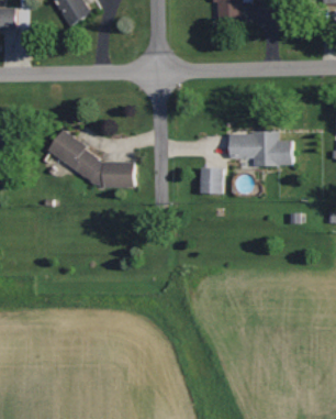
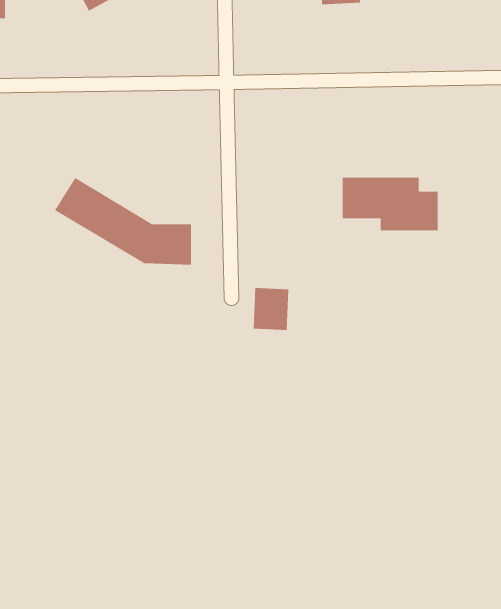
building: [200,166,223,194] -> [253,287,289,331]

